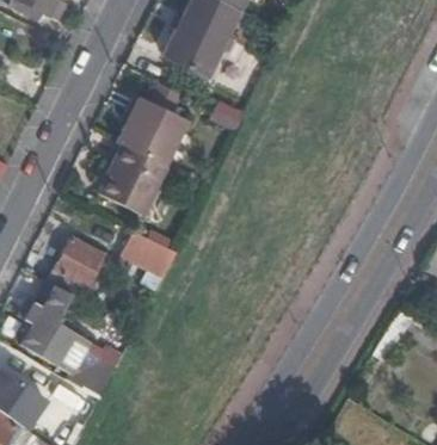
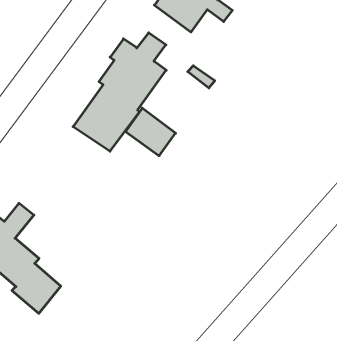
building: [122,230,174,277] -> [126,108,176,156]
building: [48,236,104,297] -> none

